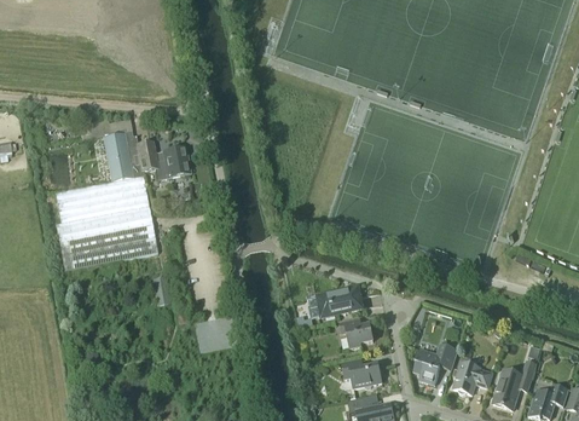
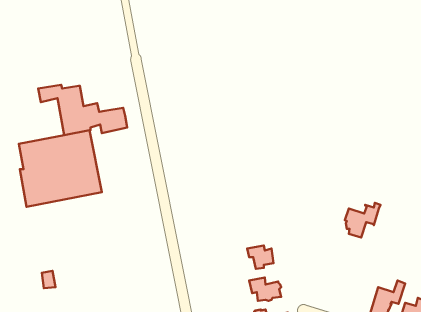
building: [307,287,361,317] -> none
building: [415,341,459,385] -> [345,203,381,238]
building: [453,362,492,394] -> none

